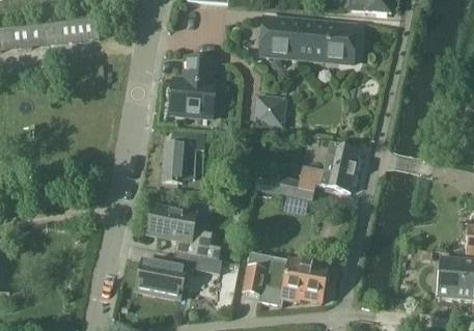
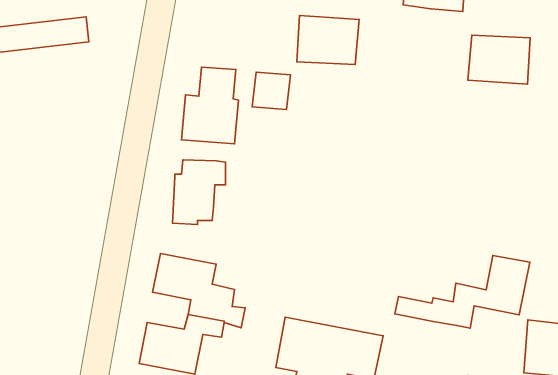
building: [306,20,355,58] -> [468,35,530,84]
building: [254,96,284,126] -> [252,72,291,109]
building: [253,144,359,201] -> [395,255,530,328]

